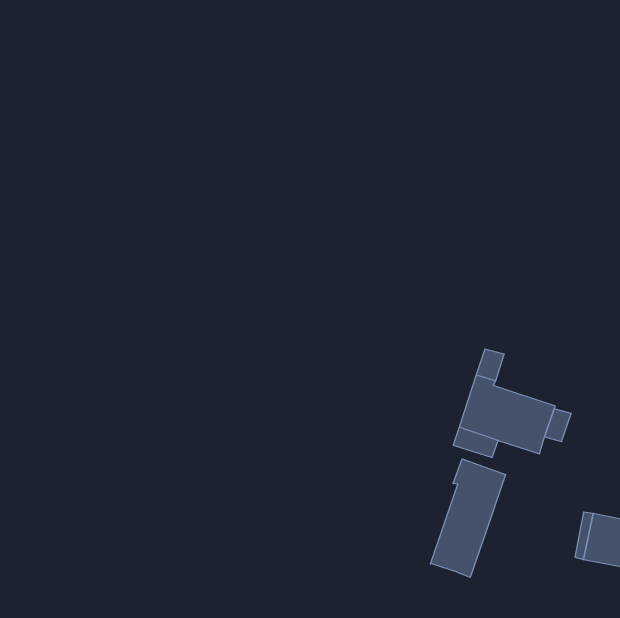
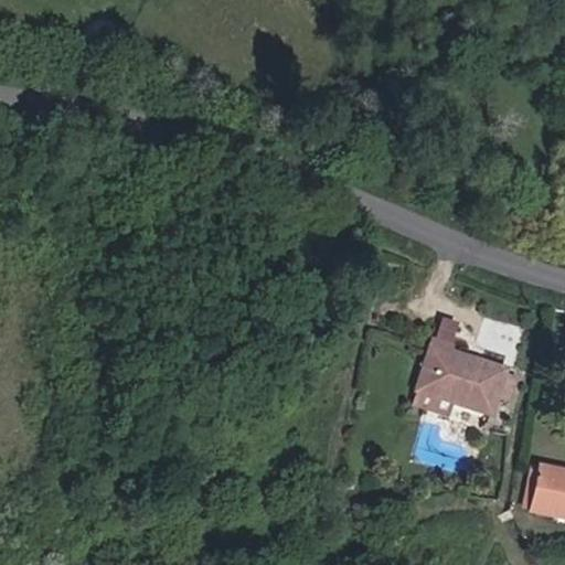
building: [430,459,506,577] -> none

